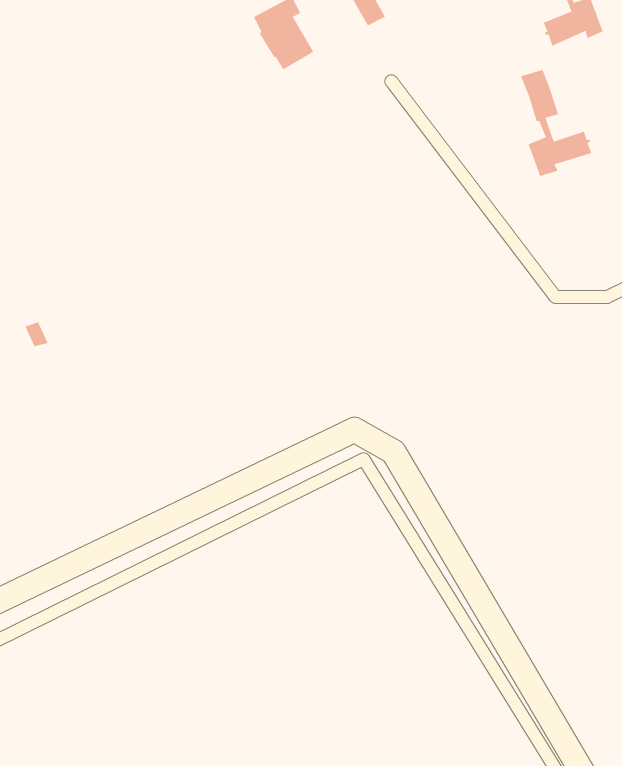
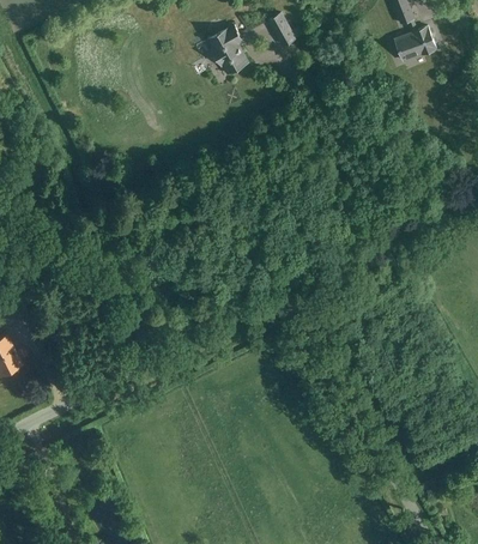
building: [520,69,592,177] -> none

